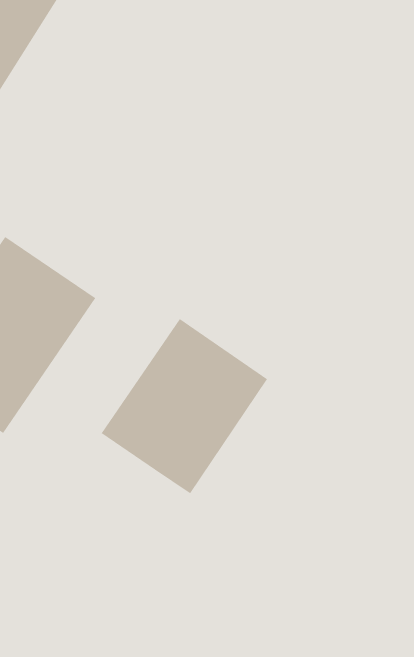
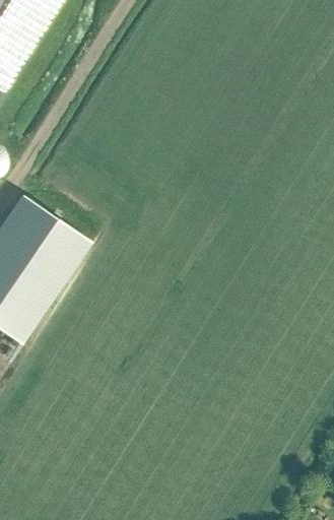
building: [101,318,268,494] -> none

